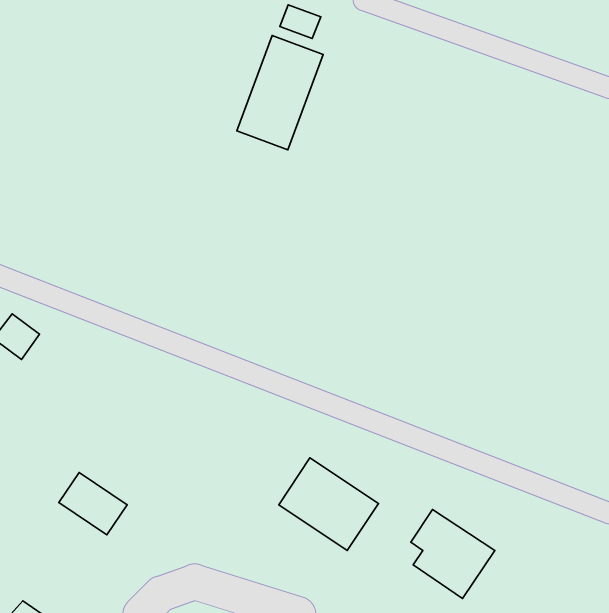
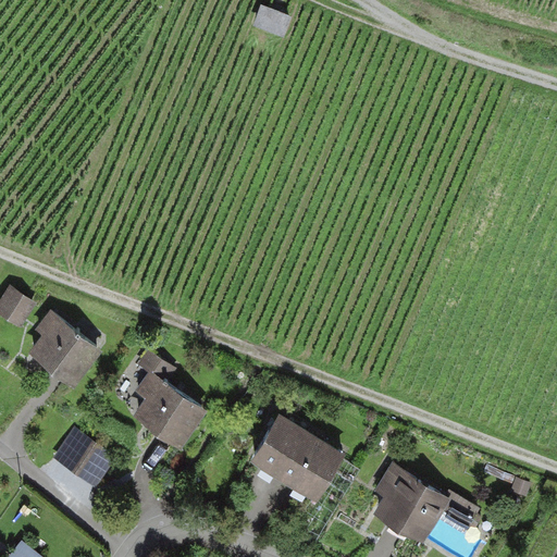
building: [237,36,323,150] -> none
building: none -> [29,310,96,382]
building: none -> [135,371,206,450]

